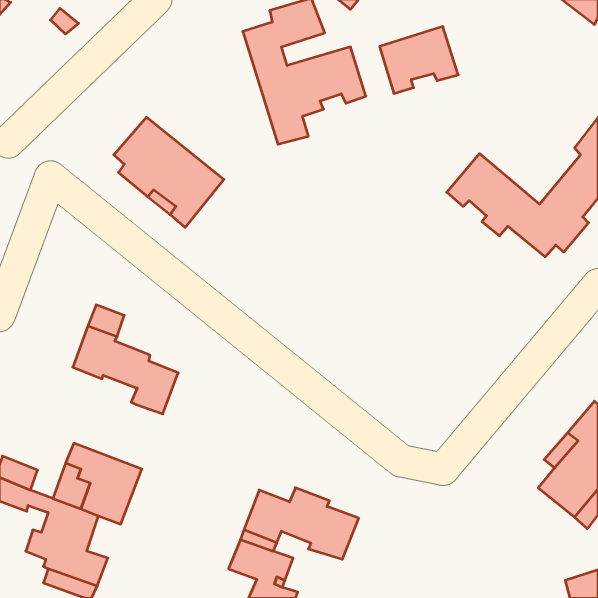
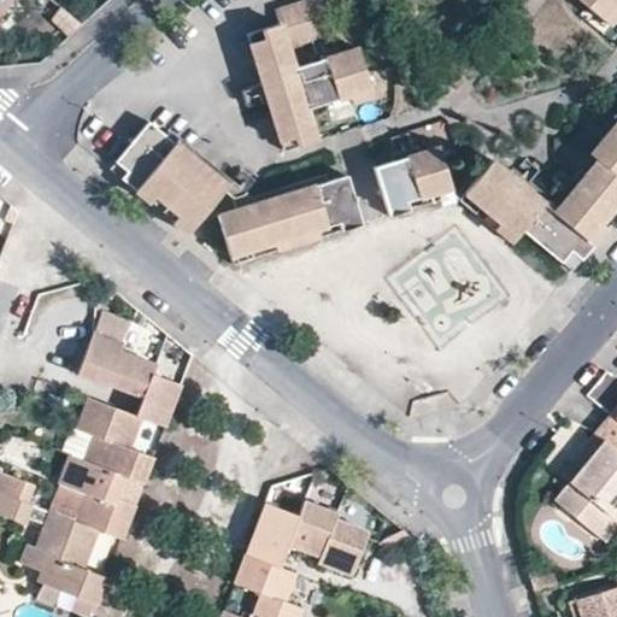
building: [380,27,458,93] -> [375,146,456,215]
building: none -> [221,174,363,263]
building: none -> [64,395,155,482]

